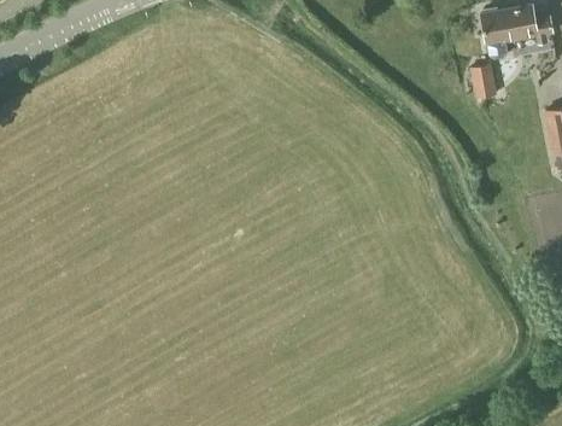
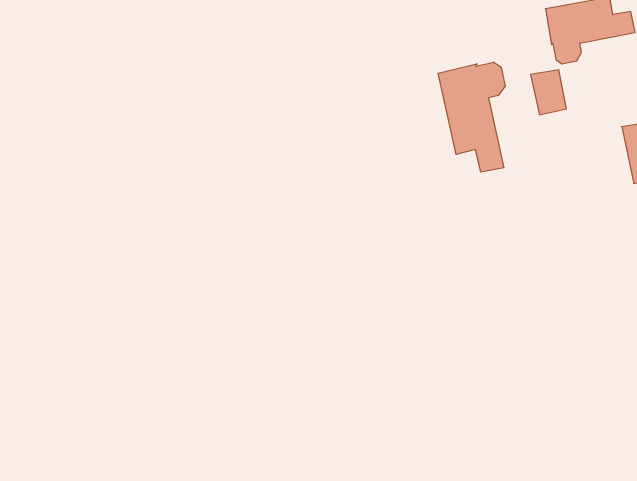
building: none -> [438,62,505,172]

